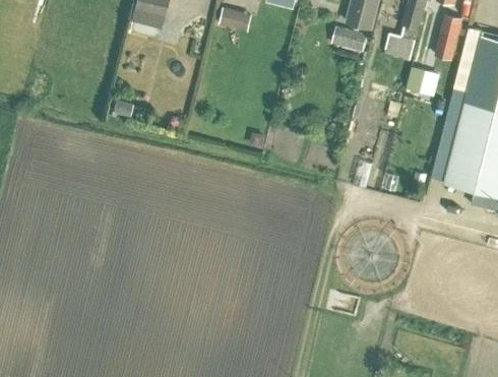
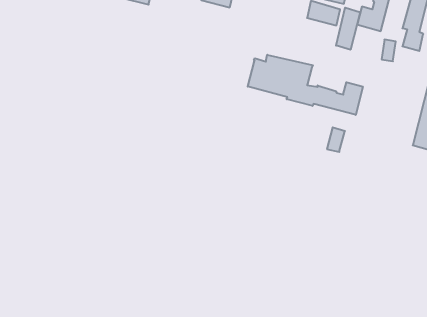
building: none -> [336,8,360,50]
building: none -> [248,55,363,115]

